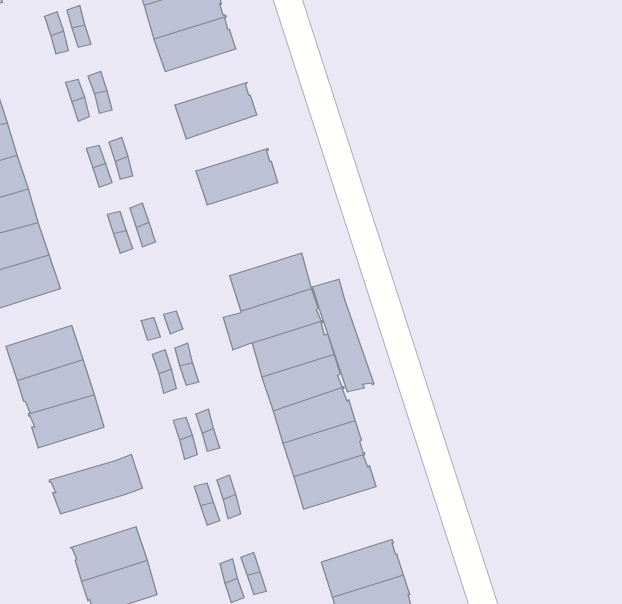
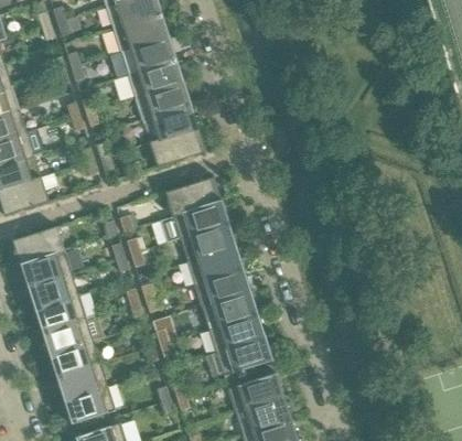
building: none -> [120,36,176,75]
building: none -> [135,82,191,120]
building: none -> [149,128,205,166]
building: [313,279,374,392] -> none
building: none -> [33,295,86,332]
building: none -> [215,336,272,376]
building: none -> [49,342,100,378]

